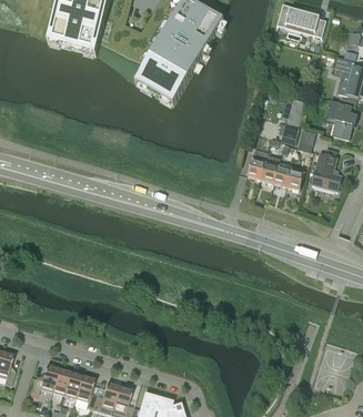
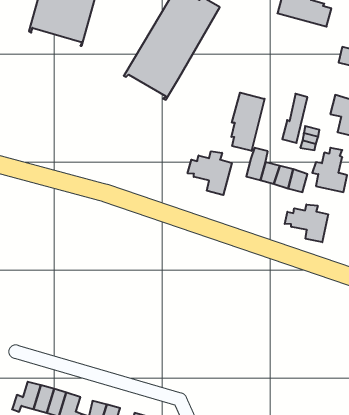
building: none -> [231,93,265,151]
building: none -> [188,151,232,195]
building: none -> [285,204,328,242]

